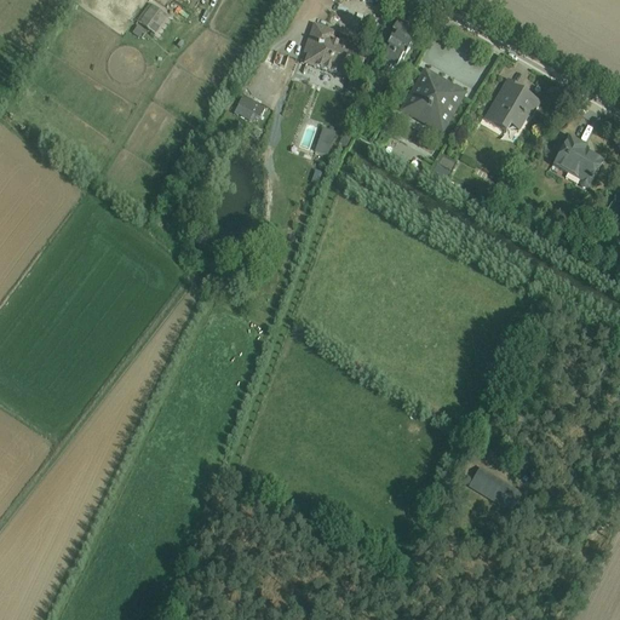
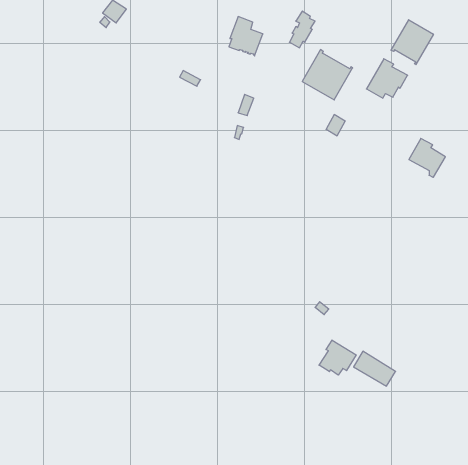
building: none -> [391,20,433,65]
building: [553,136,602,186] -> [409,138,445,177]
building: none -> [319,340,356,375]

